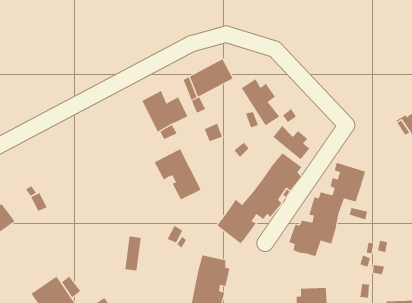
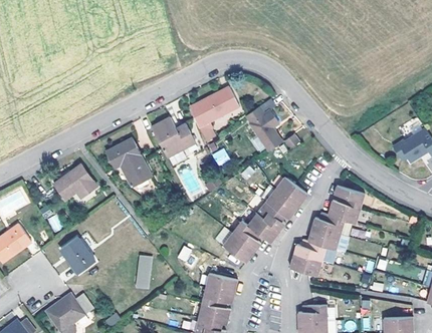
building: [272,125,310,160] -> none
building: none -> [54,164,97,199]
building: [154,149,202,200] -> [106,137,152,187]
building: none -> [61,237,95,273]

